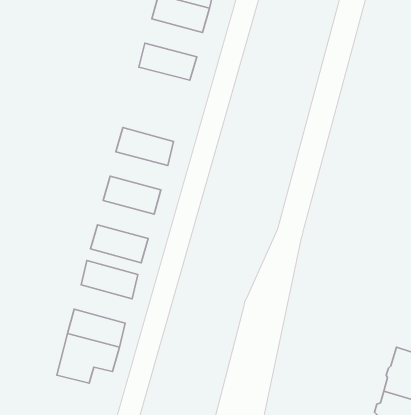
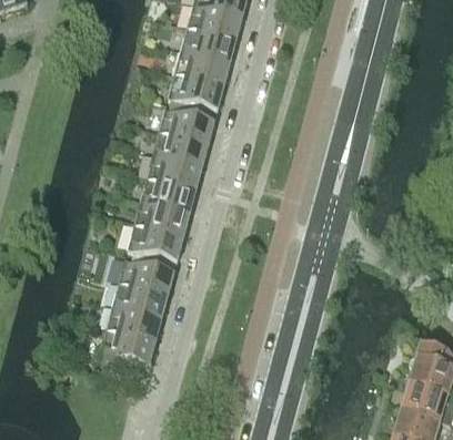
building: none -> [180,27,235,63]
building: none -> [168,73,223,110]
building: none -> [159,108,214,144]
building: none -> [147,154,202,191]
building: none -> [134,201,189,237]
building: none -> [112,282,168,318]

